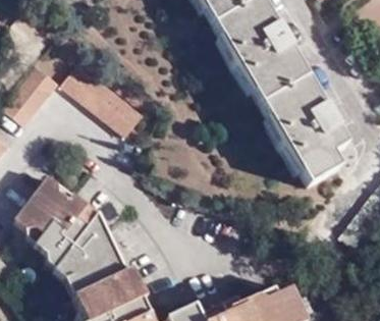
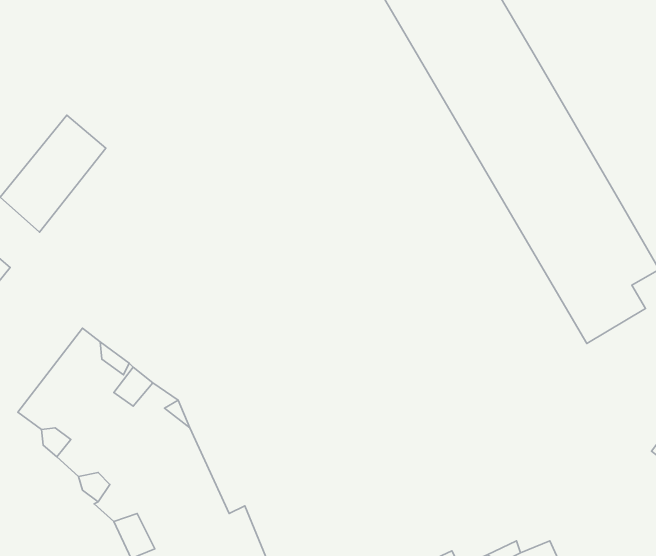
building: [60,59,141,133] -> none

